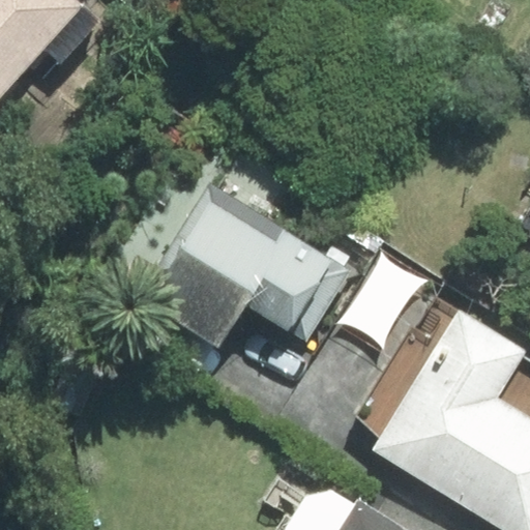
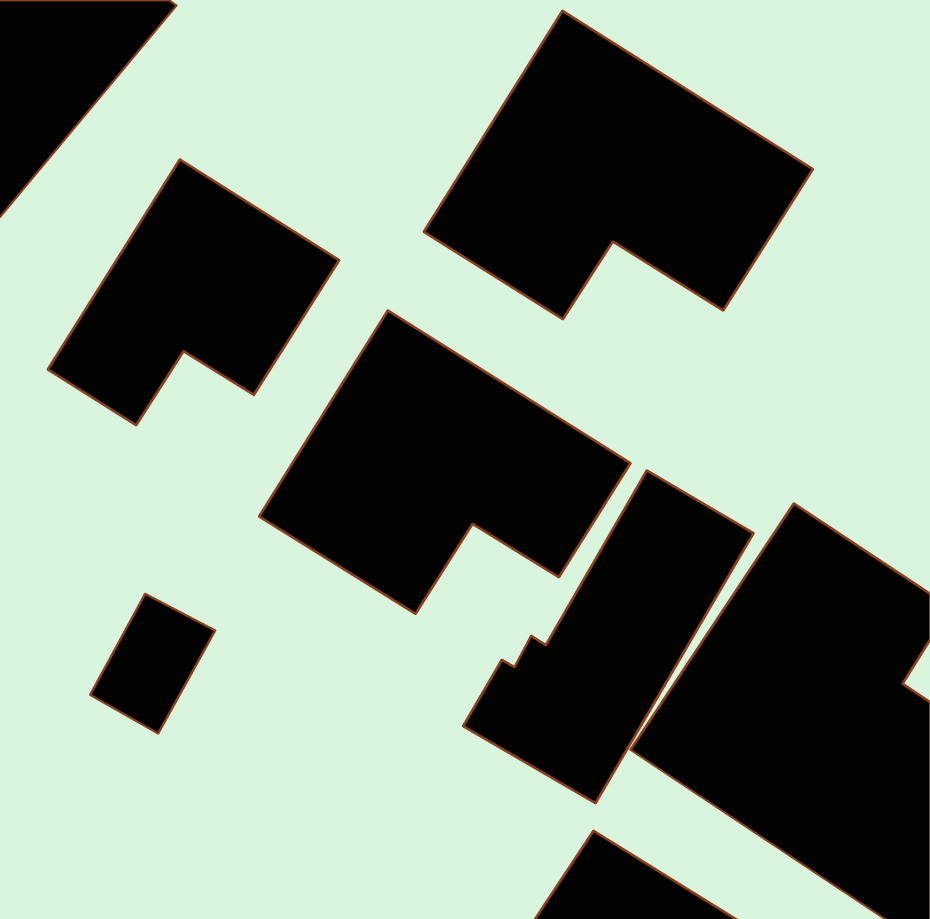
building: none -> [424,11,813,319]
building: none -> [48,159,339,425]

